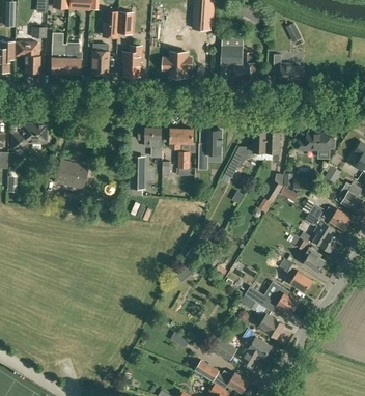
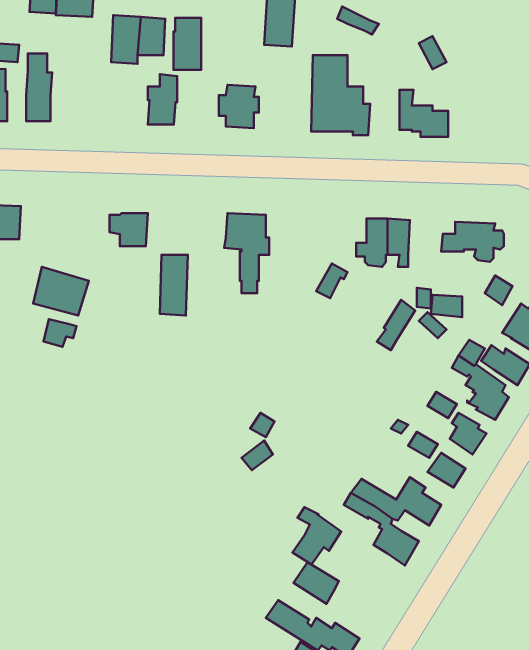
building: [65,43,80,75] -> none
building: [92,44,109,75] -> [173,18,201,70]
building: [139,129,162,148] -> [109,213,148,246]
building: [199,130,222,170] -> none
building: [242,333,271,367] -> [292,507,341,565]

